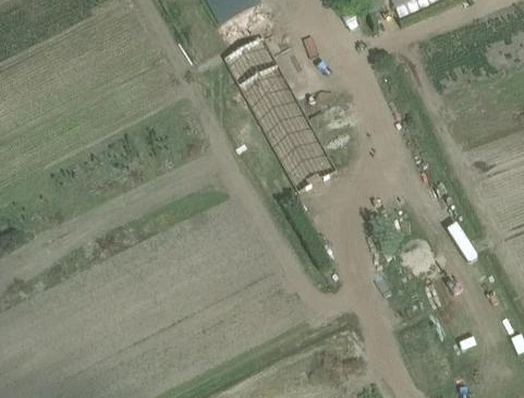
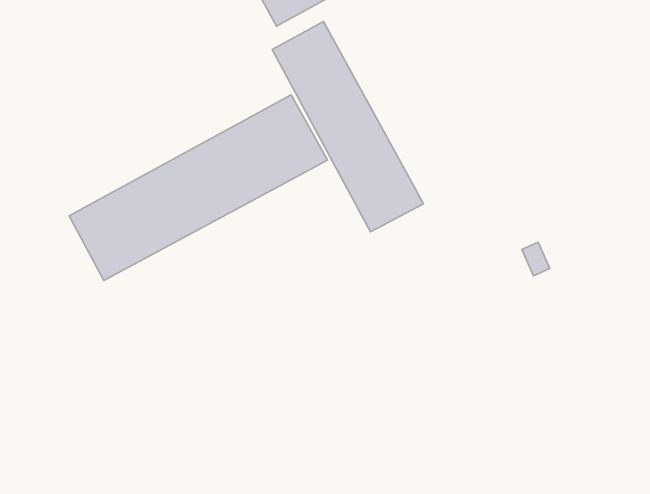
building: none -> [69,95,328,280]

